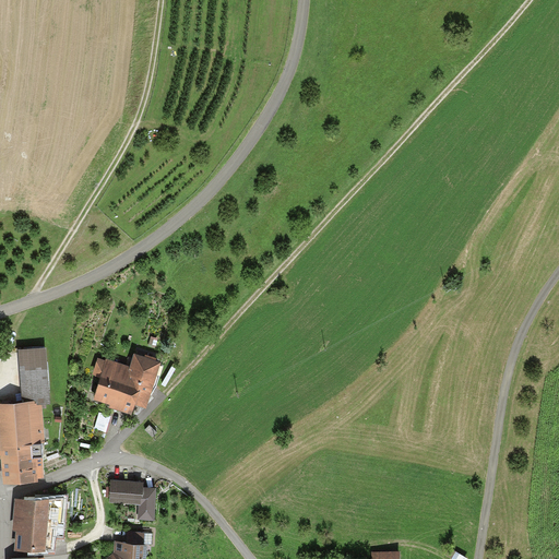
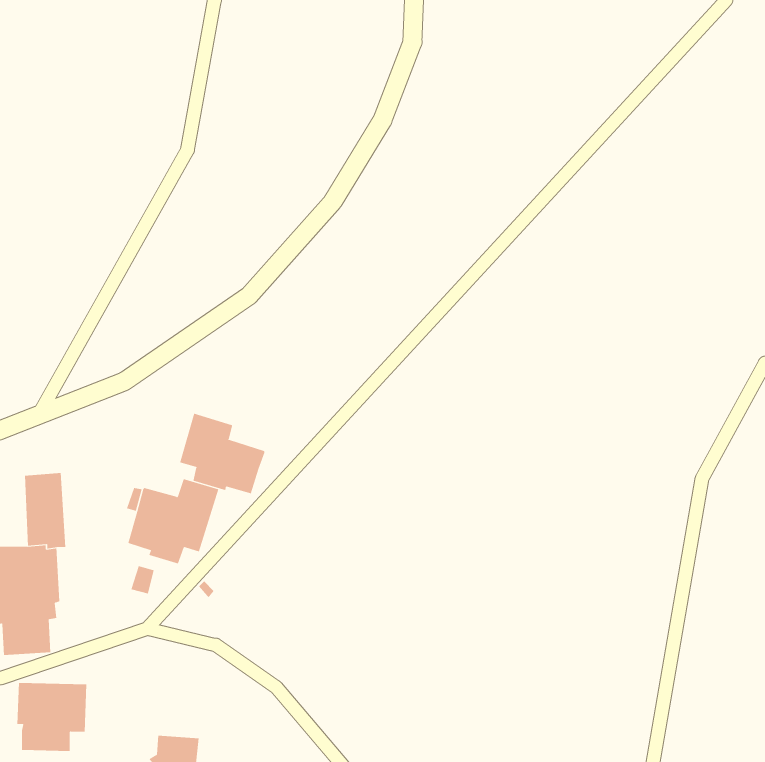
building: none -> [180,413,265,494]
building: [108,478,154,521] -> none

